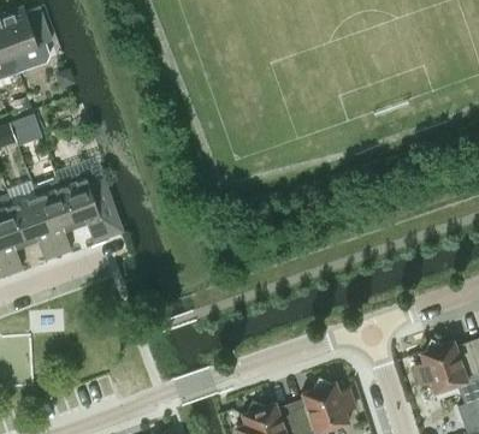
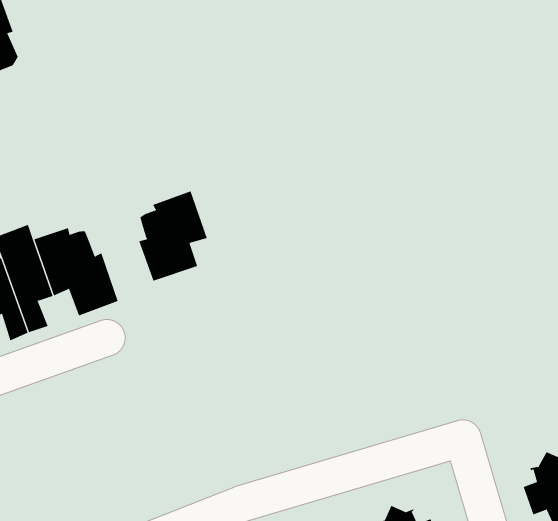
building: none -> [138,191,208,281]

